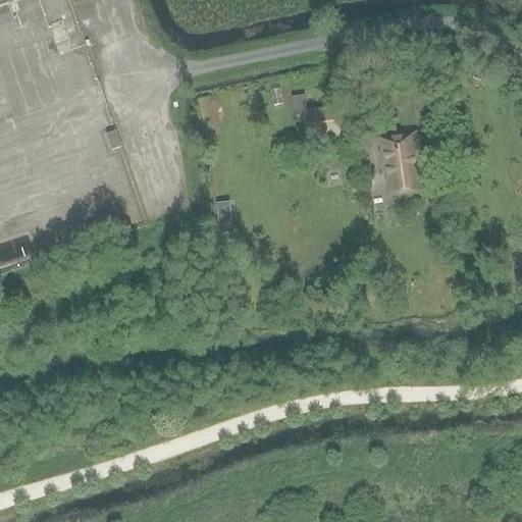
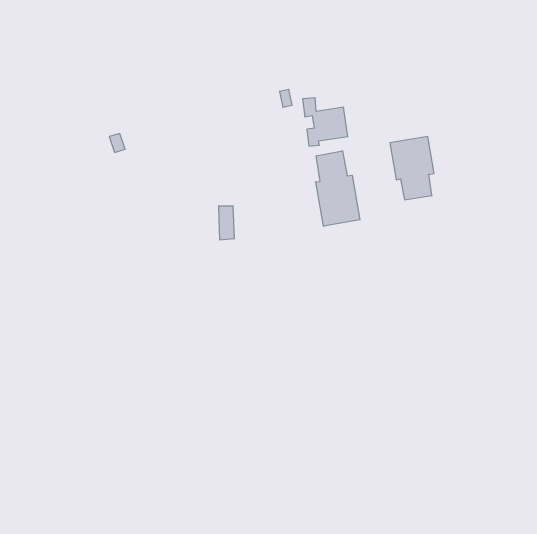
building: none -> [316,151,360,226]

